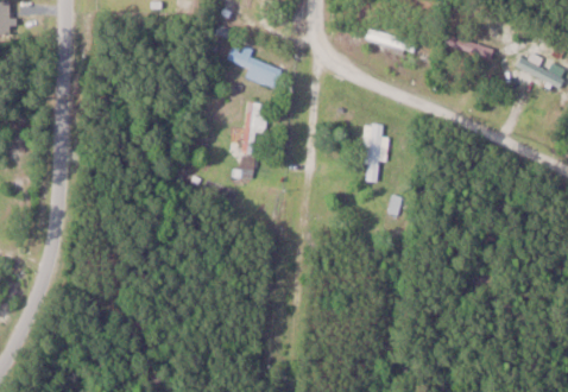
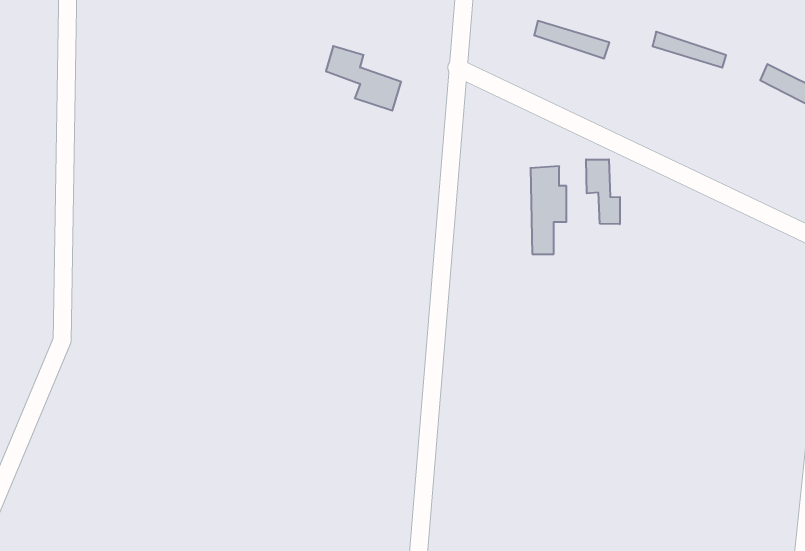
building: [239,102,269,176] -> none
building: none -> [586,159,620,224]

